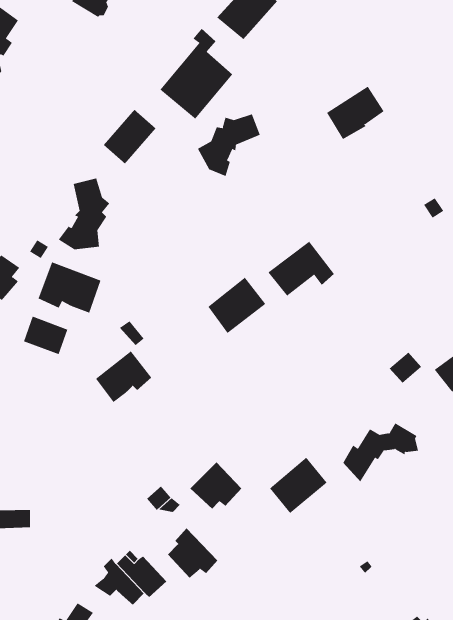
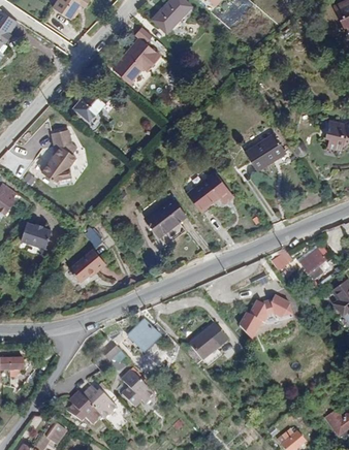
building: [326,86,385,140] -> [244,132,284,169]
building: [197,113,261,177] -> none
building: [38,261,101,313] -> none

